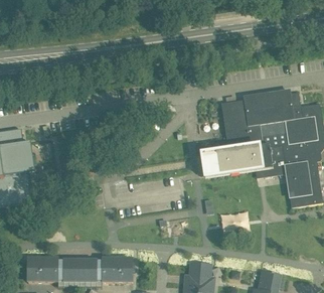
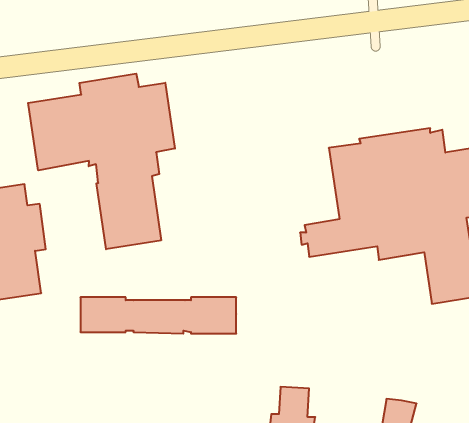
building: none -> [28,74,175,249]
building: [26,257,130,281] -> [80,297,236,334]

